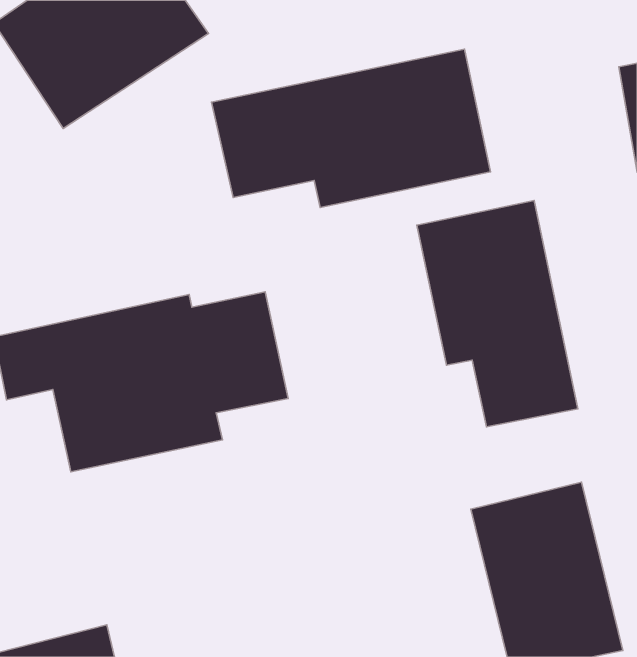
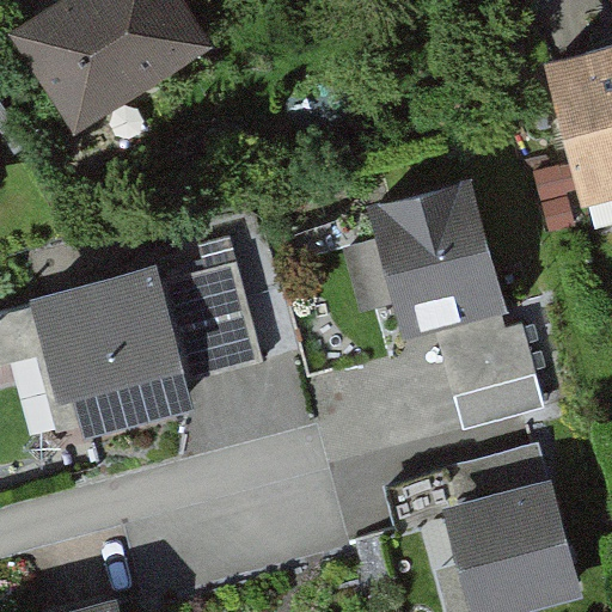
building: [212,49,490,208] -> none

